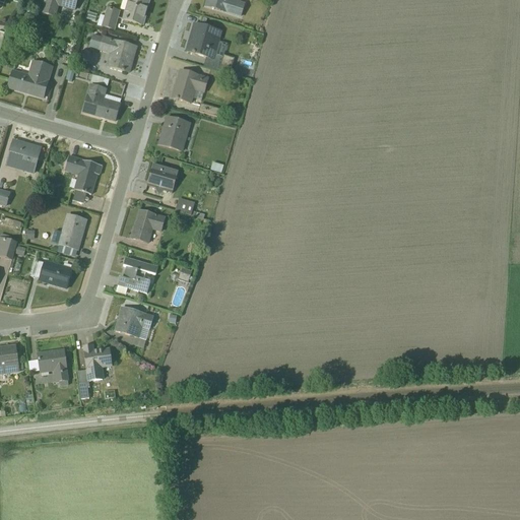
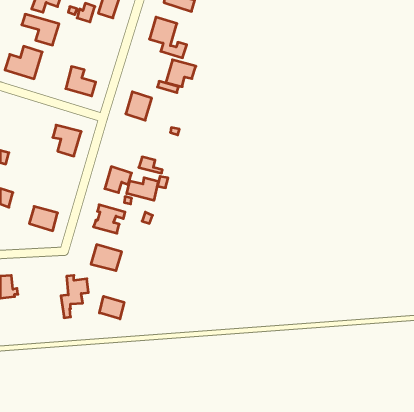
building: [89,31,136,70] -> [22,14,59,45]
building: [172,68,209,102] -> [166,60,196,87]
building: [7,138,41,174] -> none
building: [146,161,178,191] -> none
building: [58,212,86,249] -> none
building: none -> [127,178,158,200]
building: [38,348,68,384] -> none
building: none -> [99,296,124,319]

